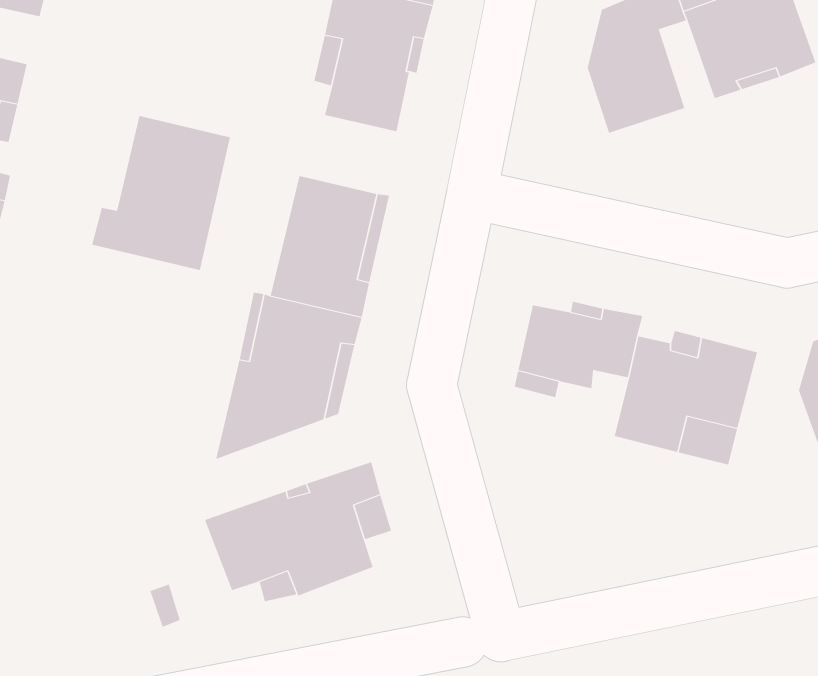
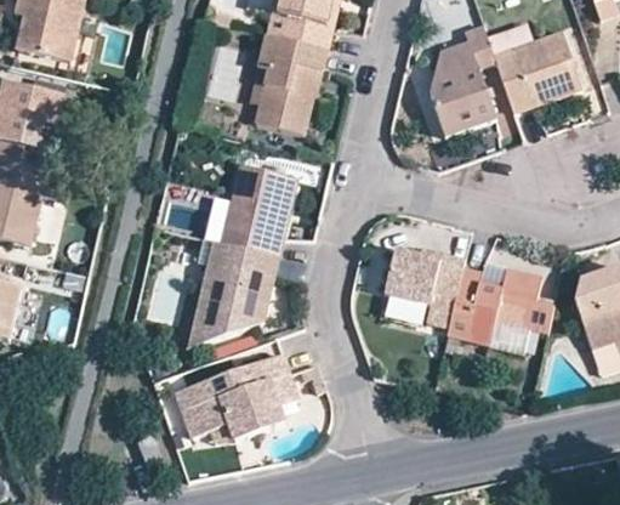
building: [92,115,231,271] -> none

